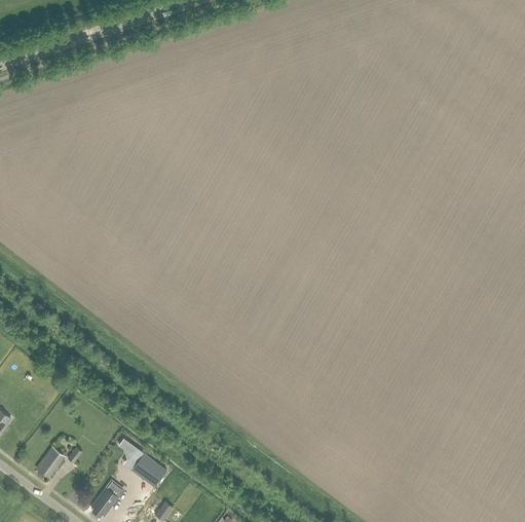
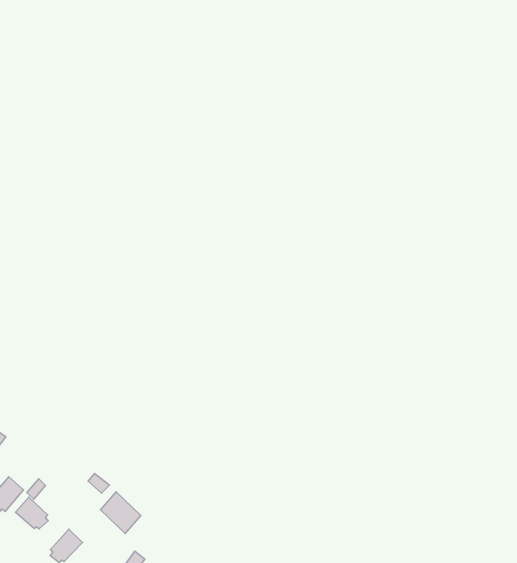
building: none -> [16,497,48,529]

